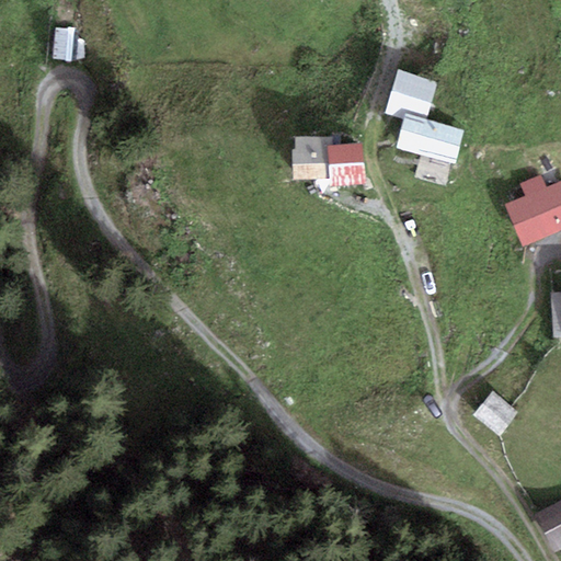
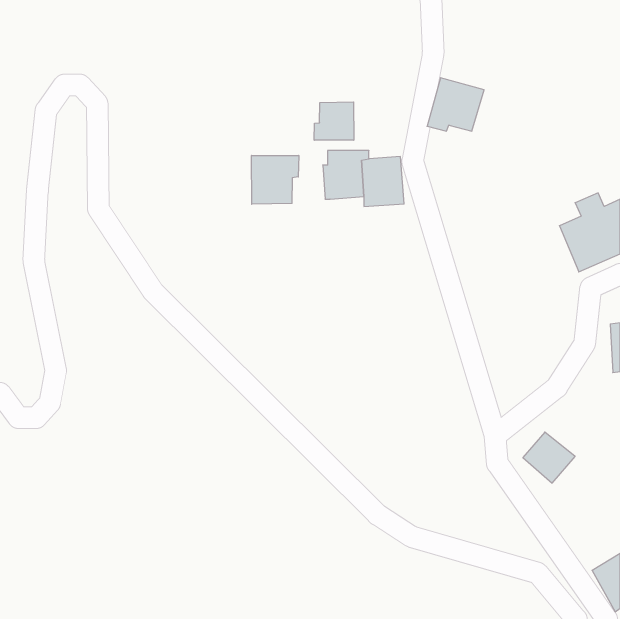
building: none -> [314,102,354,140]
building: [396,113,463,164] -> none
building: none -> [252,155,299,204]

